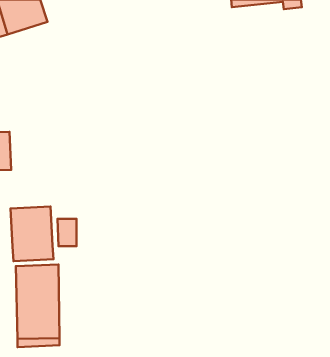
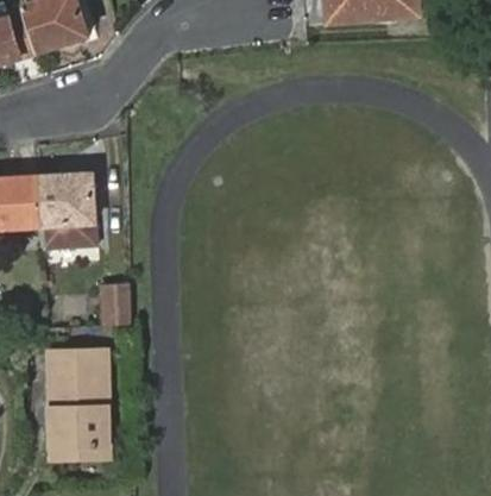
building: [11,207,53,261] -> [38,174,94,245]

